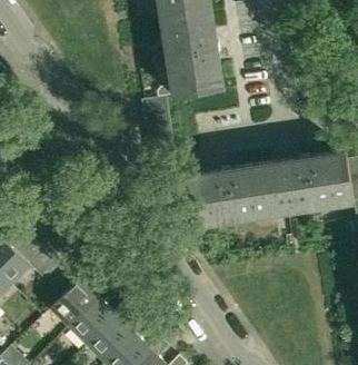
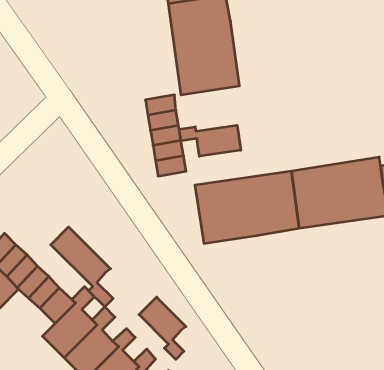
building: none -> [179,125,241,156]
building: none -> [51,227,113,307]
building: none -> [139,297,186,359]

